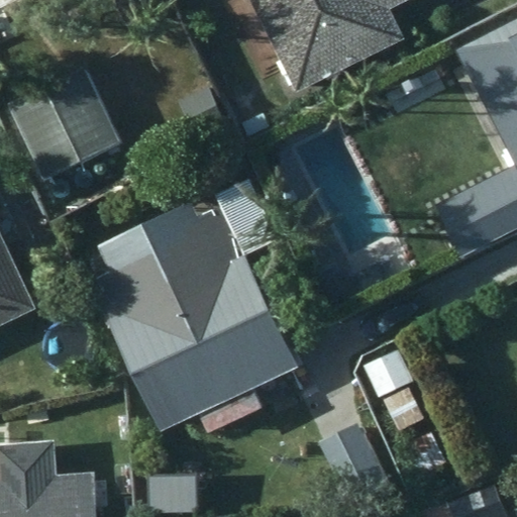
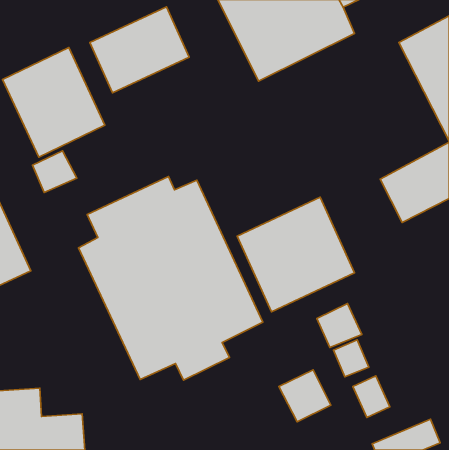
building: none -> [90,7,189,93]
building: none -> [237,197,355,312]

